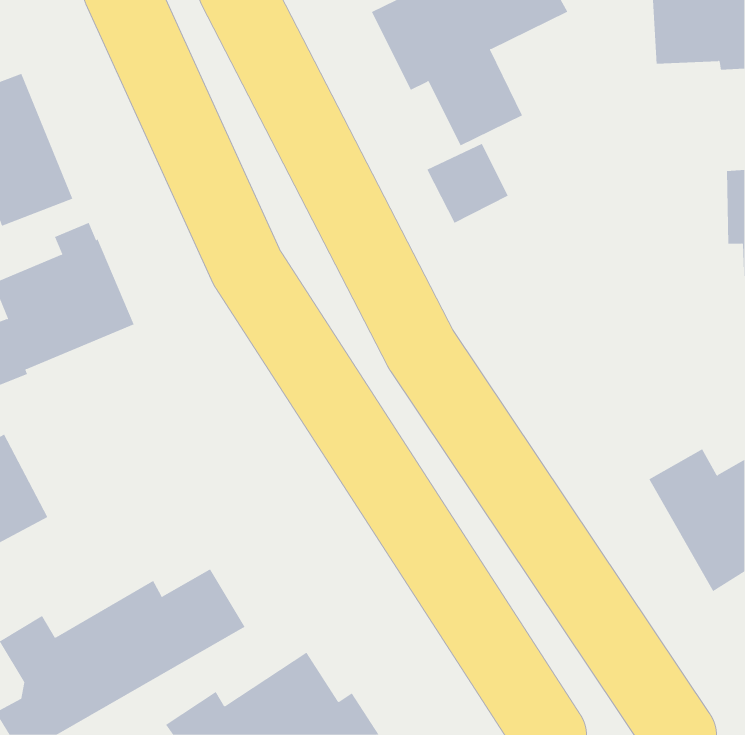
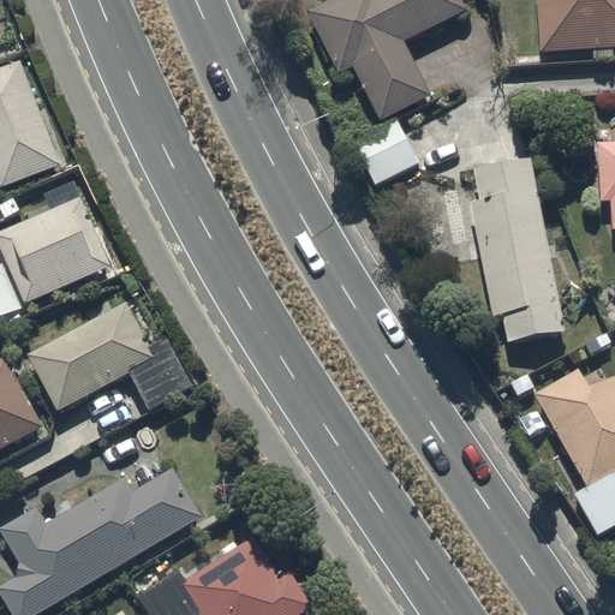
building: none -> [470,159,565,344]
building: none -> [26,301,192,412]

